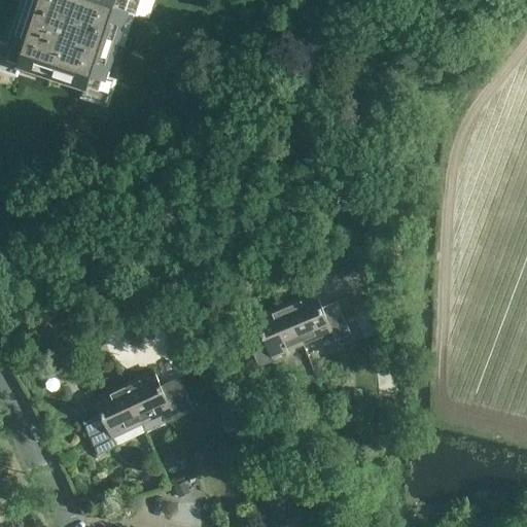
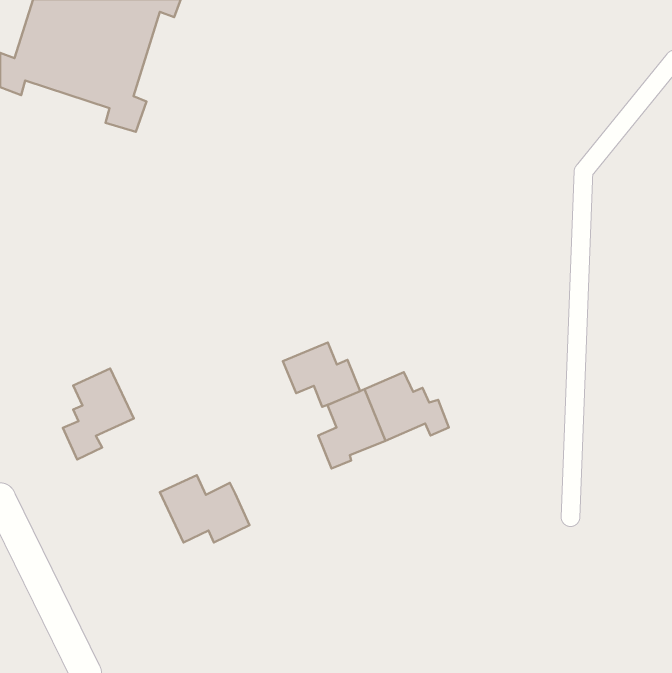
building: none -> [283,343,360,407]
building: [90,384,145,455] -> [63,368,134,460]

